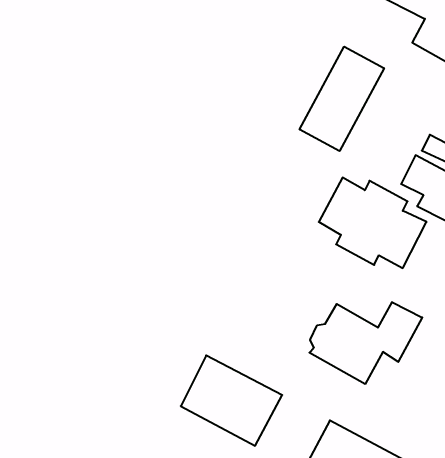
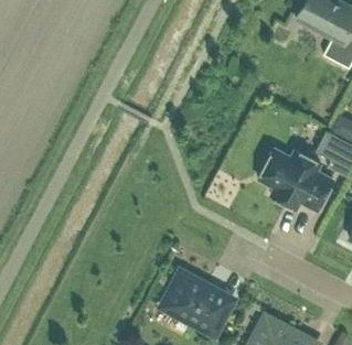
building: [300,47,384,151] -> none
building: [309,302,422,384] -> none

